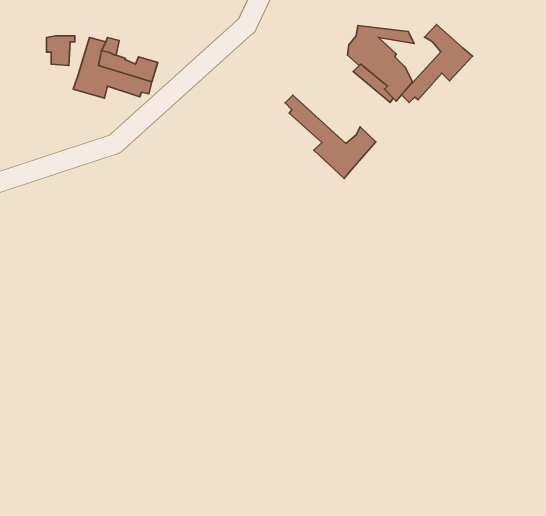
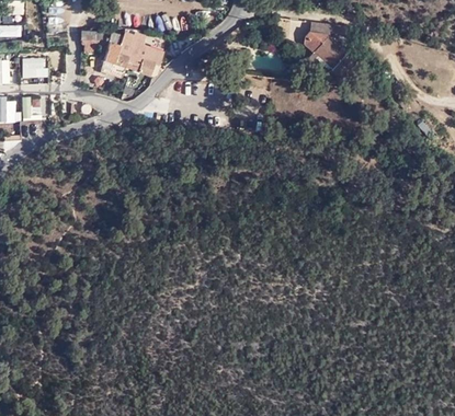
building: [402,24,473,102] -> none
building: [285,95,376,178] -> none

